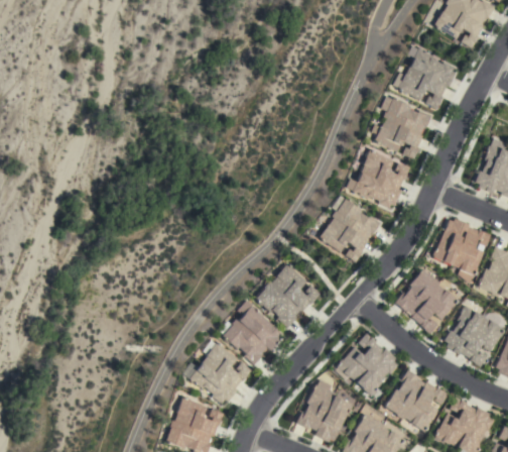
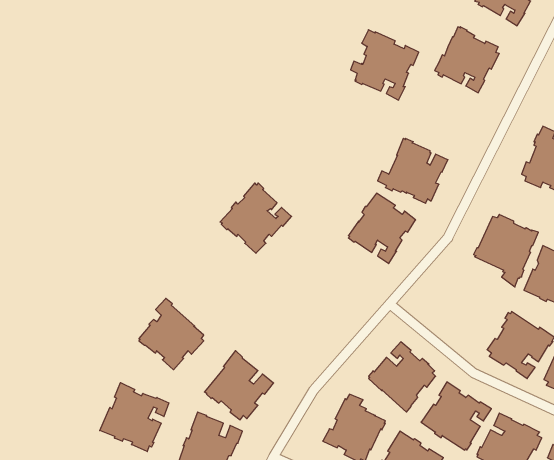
building: [370,96,431,159] -> [351,30,419,100]
building: [256,263,321,327] -> [220,183,292,253]
building: [395,269,460,334] -> none
building: [223,300,281,364] -> [139,298,204,370]
building: none -> [100,383,169,452]

